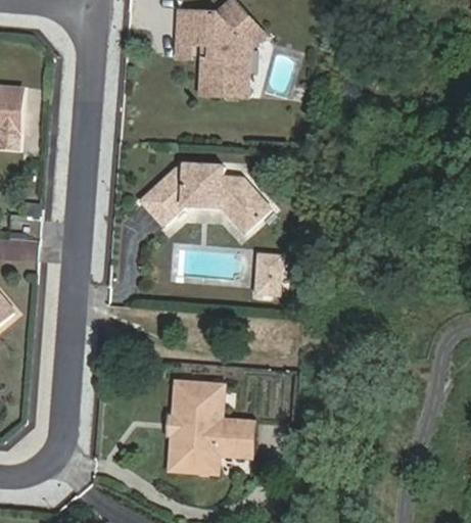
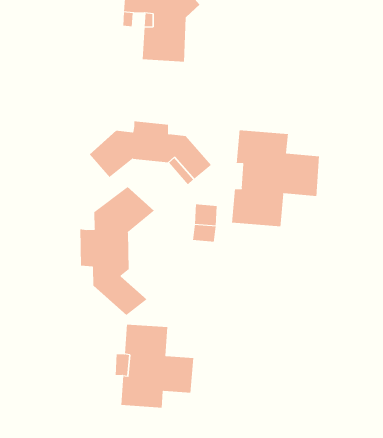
building: none -> [232,129,320,227]
building: none -> [80,186,155,316]

